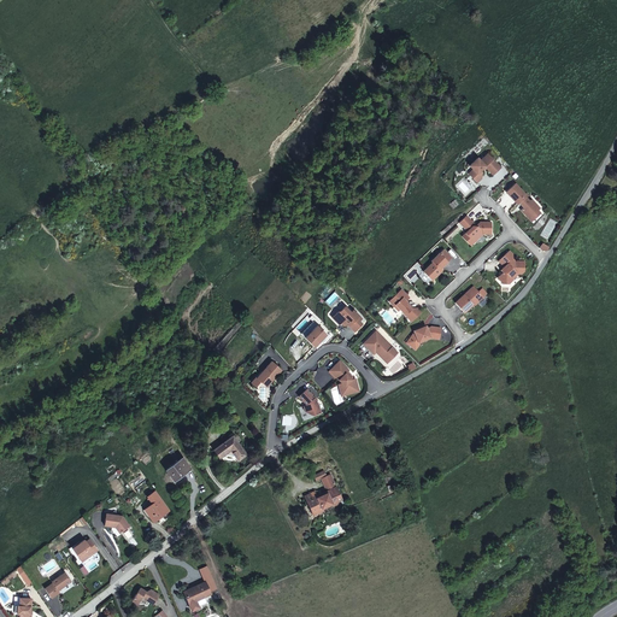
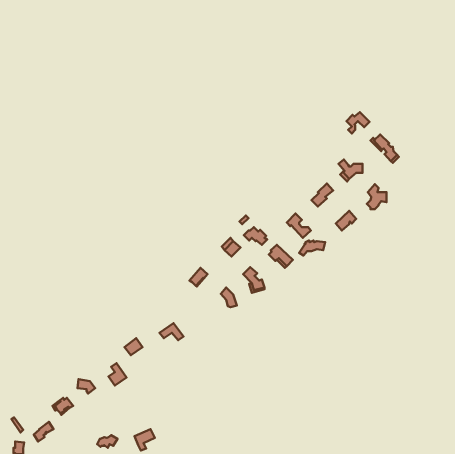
building: [304,474,341,512] -> none

